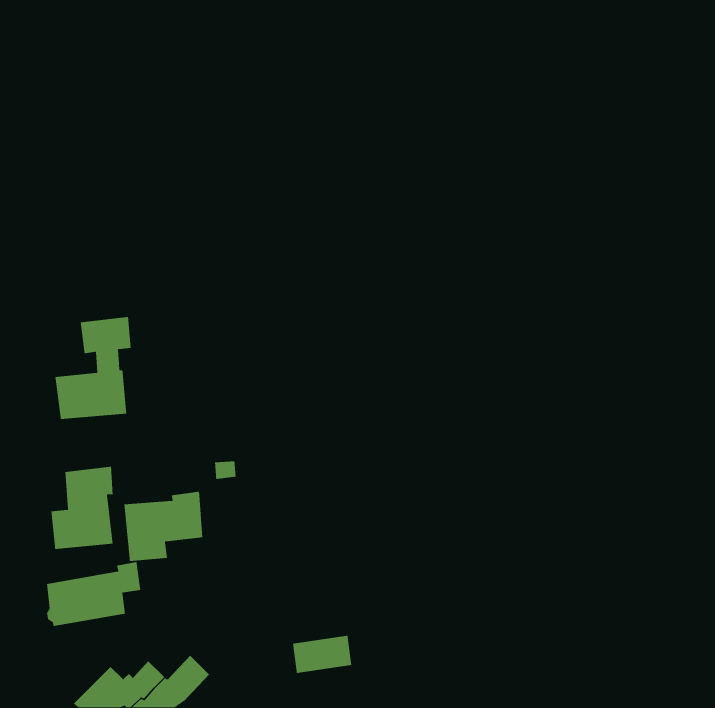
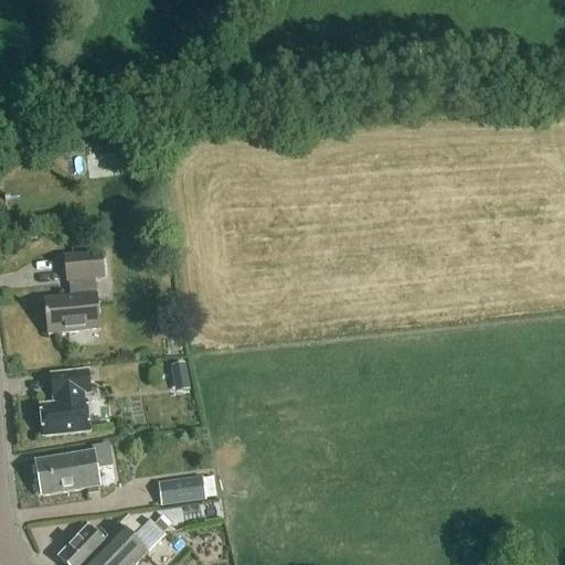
building: [123,491,203,562] -> none
building: [292,635,352,674] -> [158,473,205,504]

